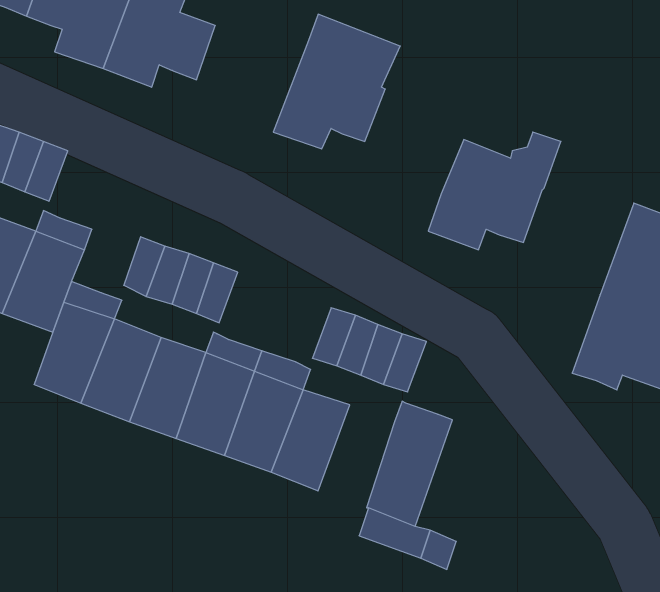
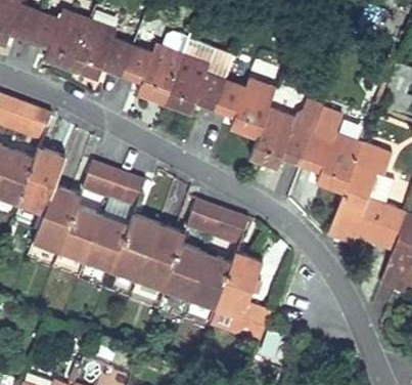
building: none -> [123,44,184,103]
building: none -> [215,78,277,137]
building: none -> [302,133,362,192]
building: none -> [189,253,231,309]

